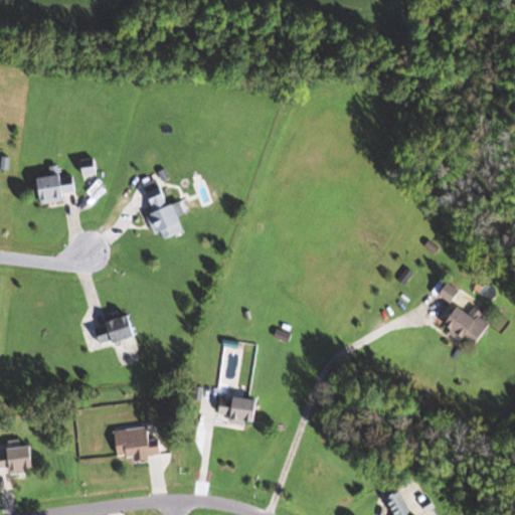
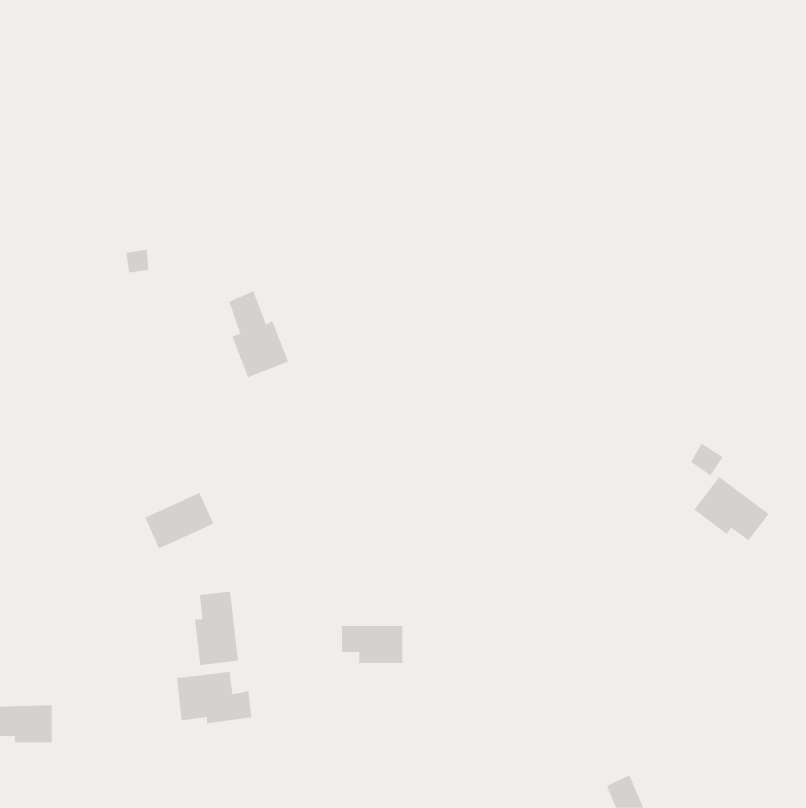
building: [35,172,75,203] -> none
building: none -> [194,591,238,666]

